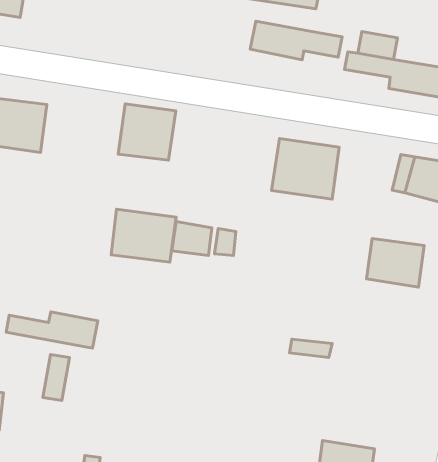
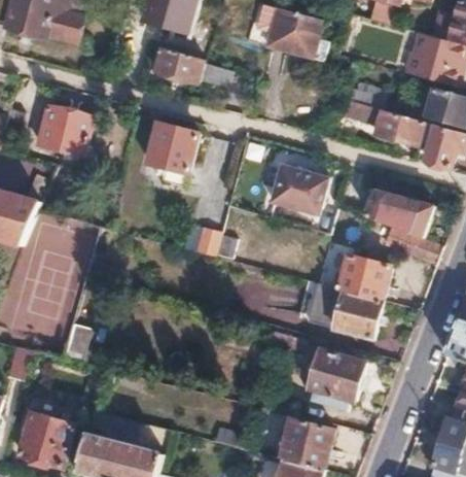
building: [250,21,342,60] -> [154,47,231,84]
building: [111,209,176,262] -> none
building: none -> [306,282,382,339]
building: [6,312,98,348] -> none
building: none -> [309,349,363,400]

